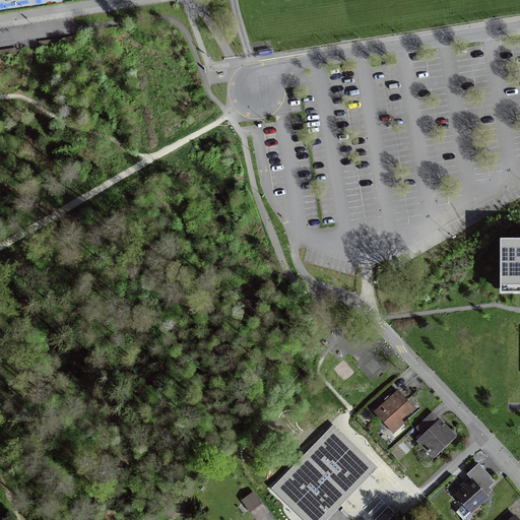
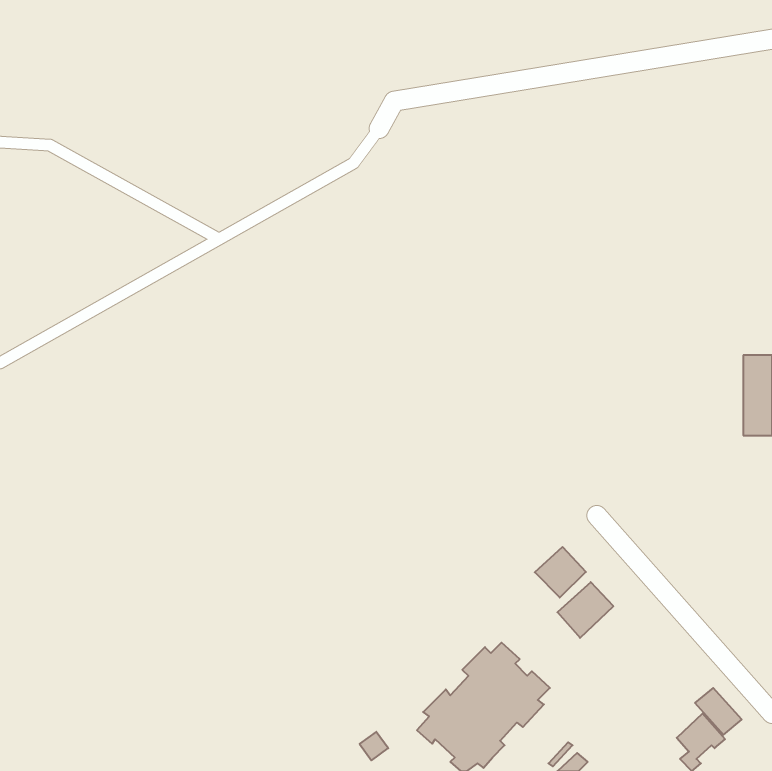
building: none -> [535,547,586,598]
building: [416,418,454,454] -> none

